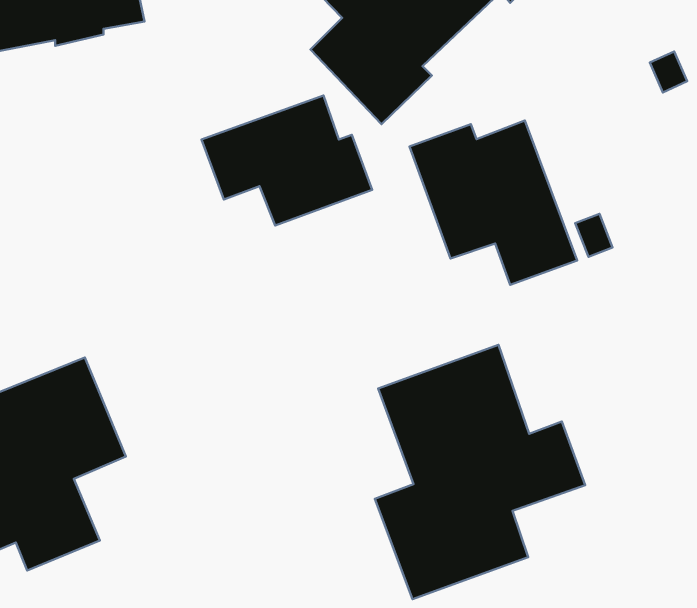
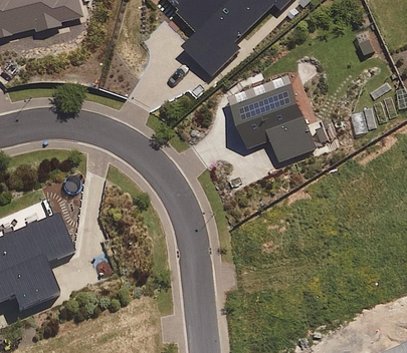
building: [202,96,372,225] -> none
building: [375,345,585,599] -> none

